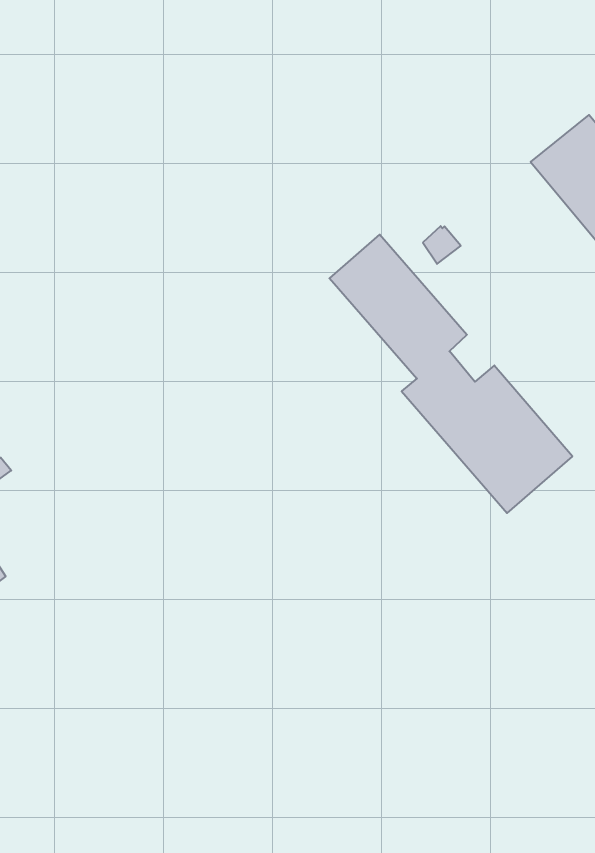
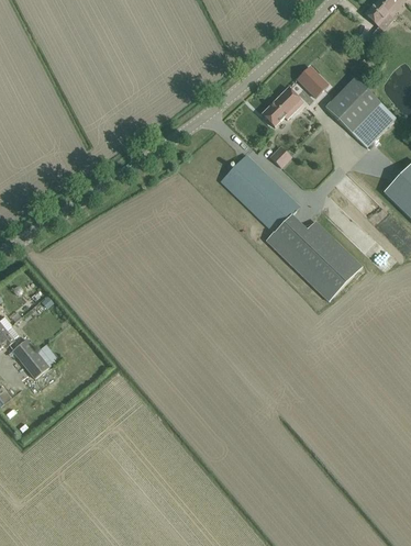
building: none -> [296,66,327,97]
building: none -> [260,87,304,126]

